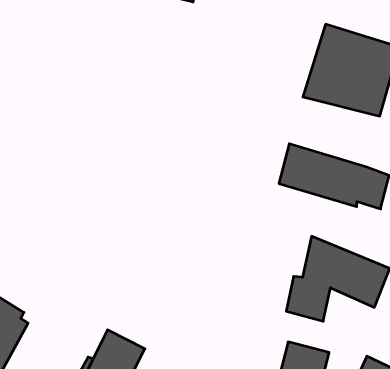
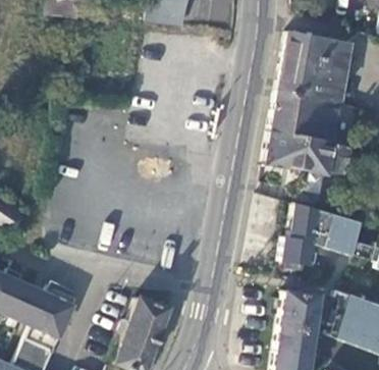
building: none -> [270,93,340,144]

